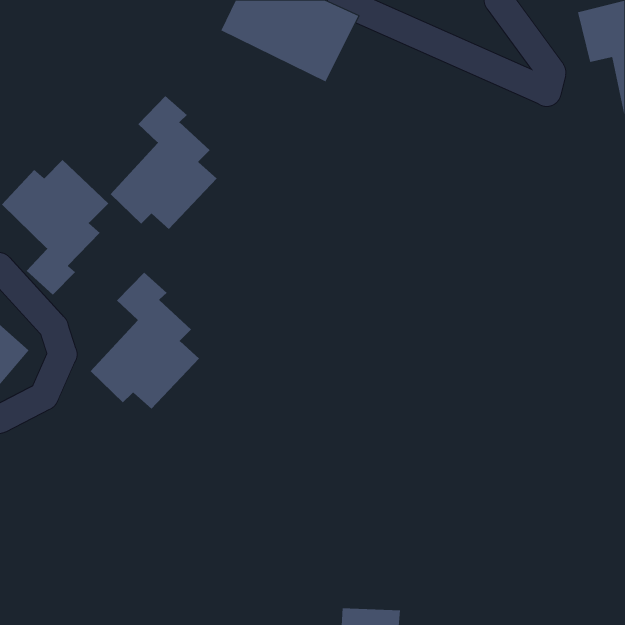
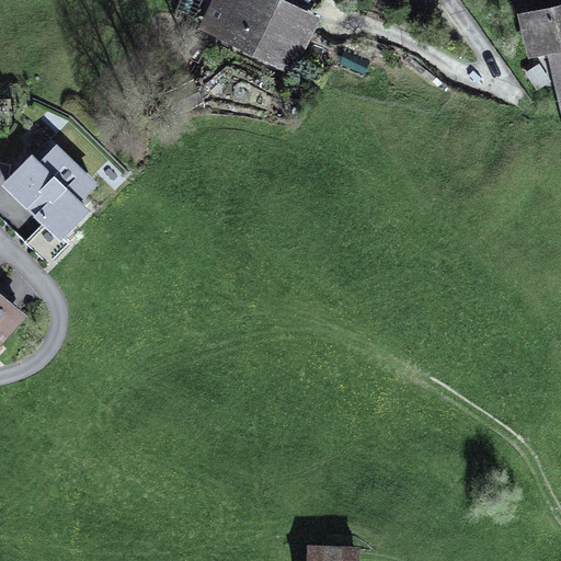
building: [110,95,218,230] -> none
building: [90,272,200,410] -> none

